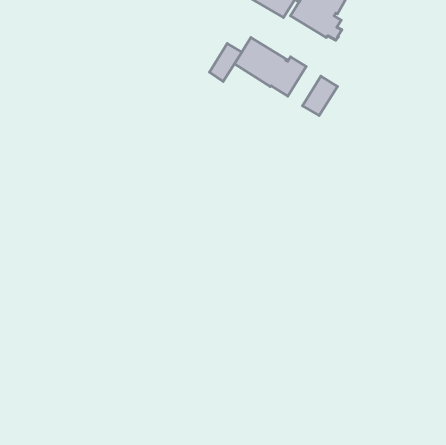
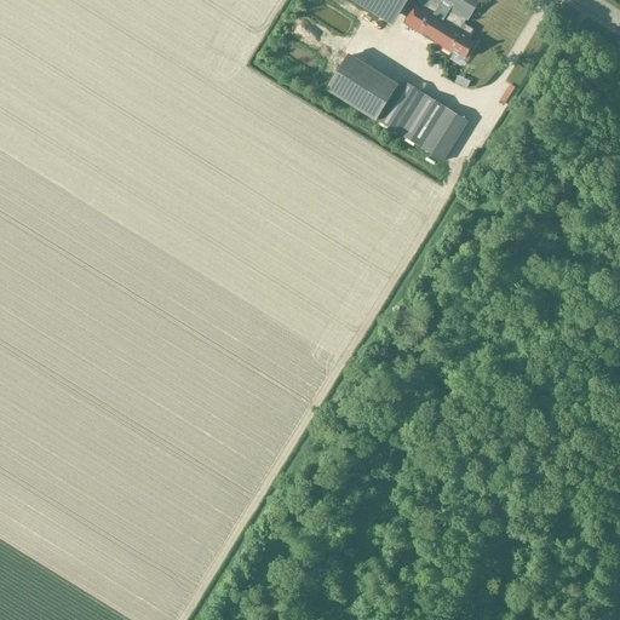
building: [210,43,242,82] -> none
building: none -> [398,92,444,147]

